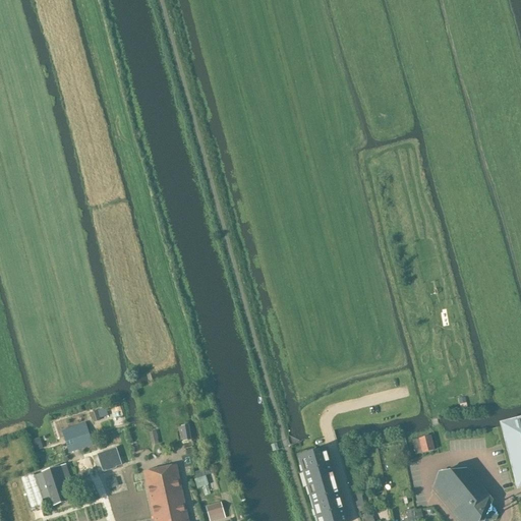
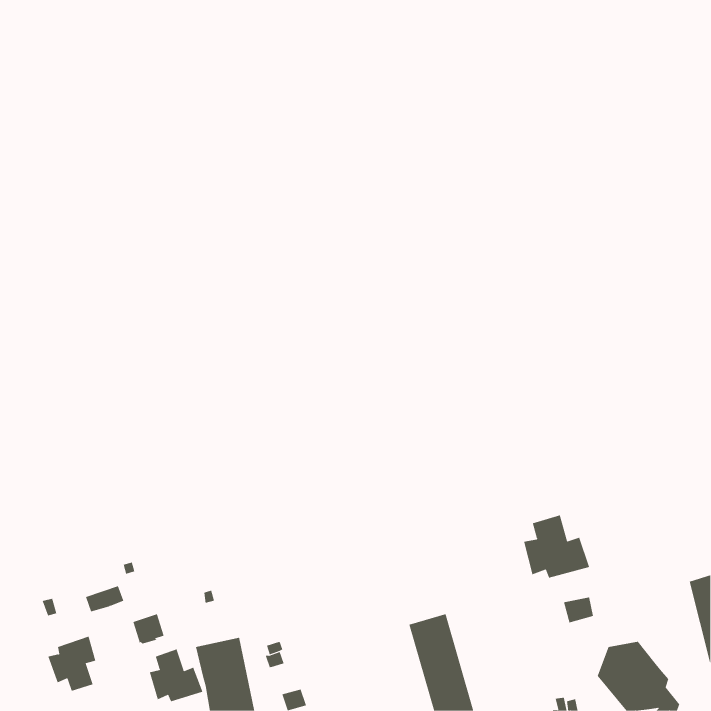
building: none -> [524,514,590,578]
building: none -> [149,649,203,702]

